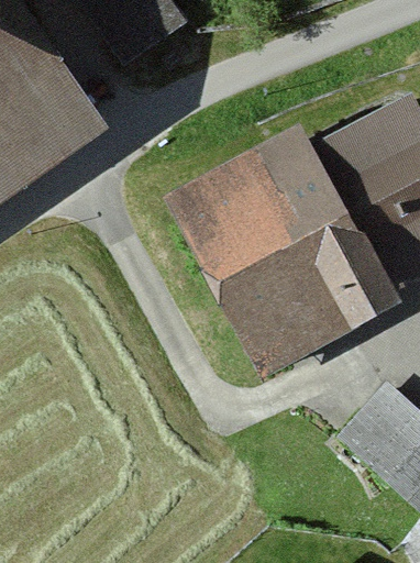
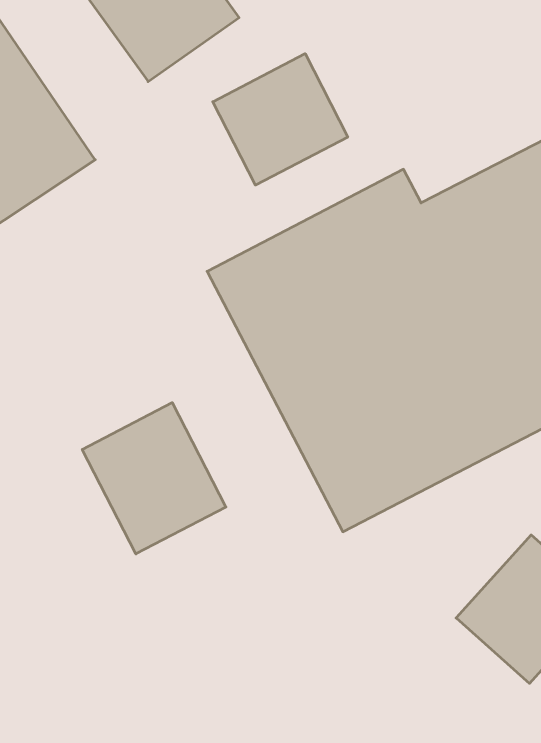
building: none -> [213,54,348,185]
building: none -> [82,403,226,554]

